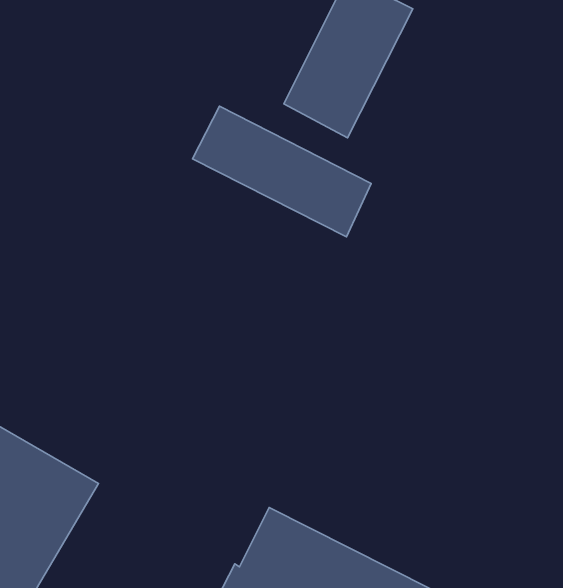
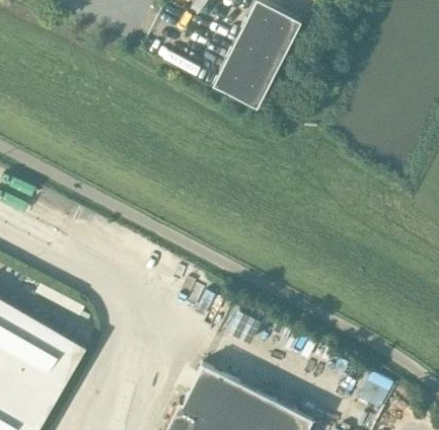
building: [192,106,371,237] -> none

